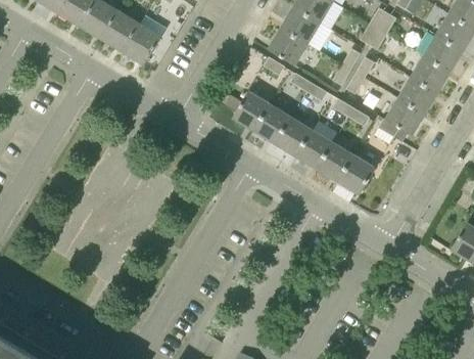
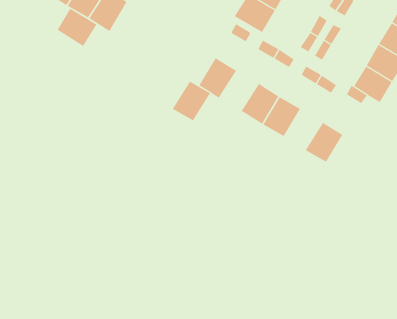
building: none -> [57,8,97,47]
building: [252,103,291,143] -> [172,81,211,121]
building: [317,141,354,182] -> none

